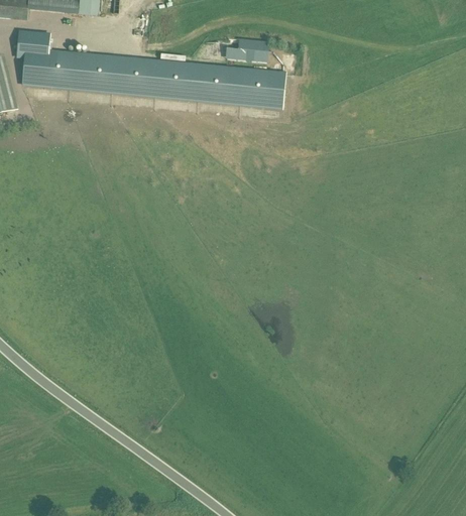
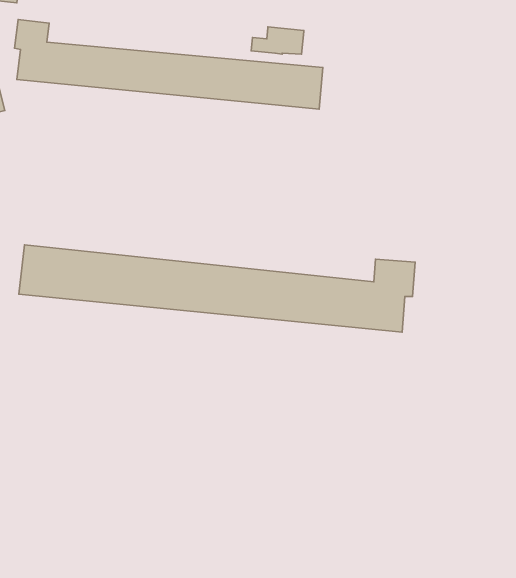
building: none -> [19,245,415,332]

